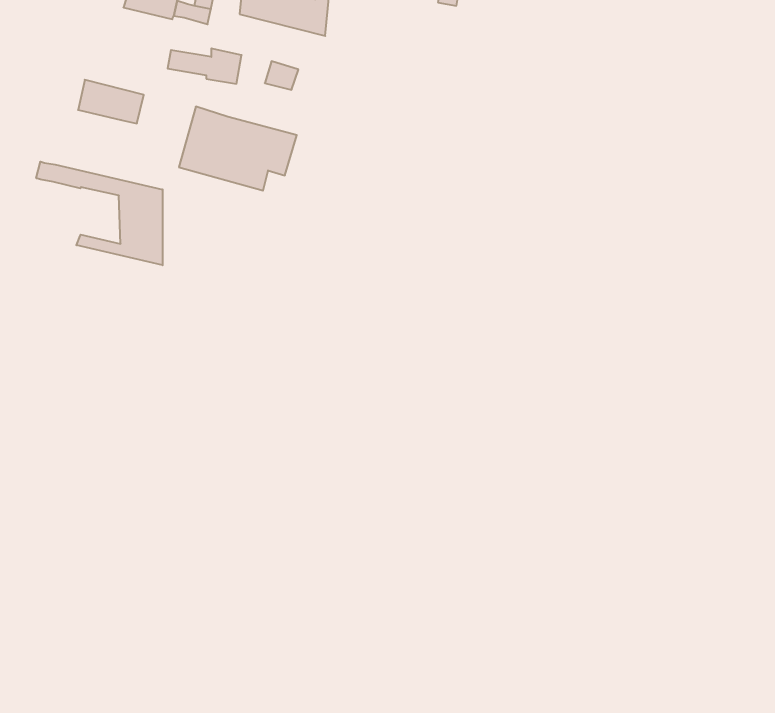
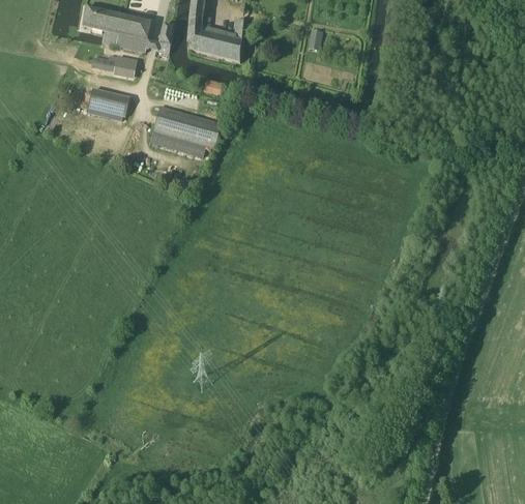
building: [168,48,242,84] -> [89,55,135,77]
building: [36,162,163,265] -> none

